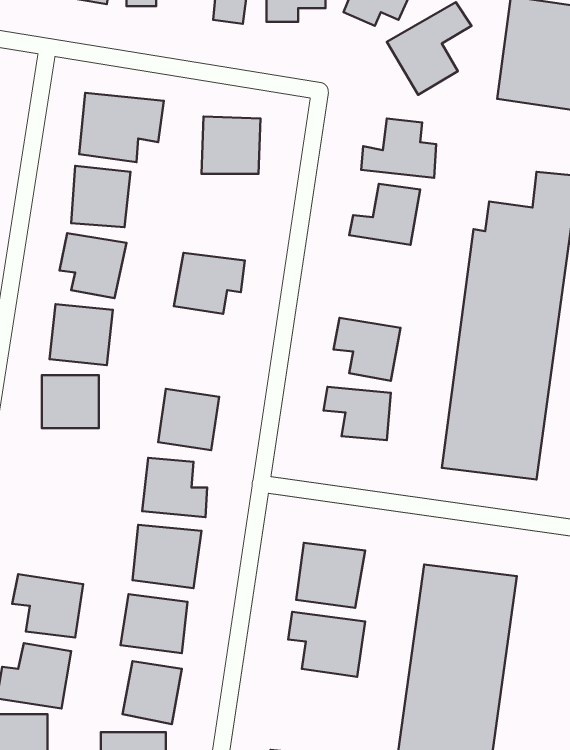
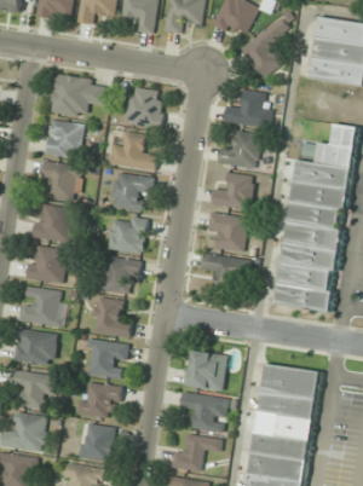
building: none -> [110,131,156,169]
building: none -> [212,174,254,209]
building: none -> [108,215,148,254]
building: none -> [21,287,67,326]
building: none -> [13,329,57,366]
building: none -> [173,435,220,471]

